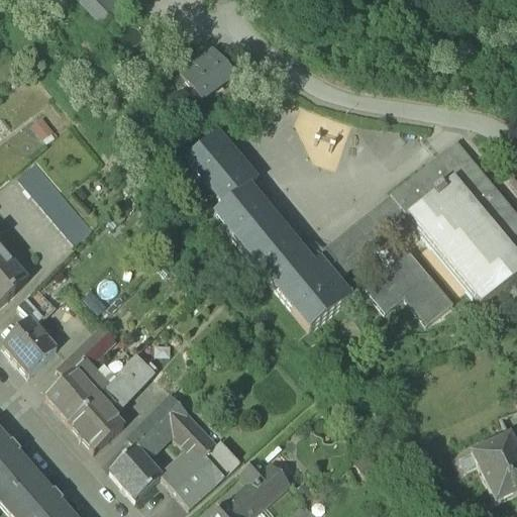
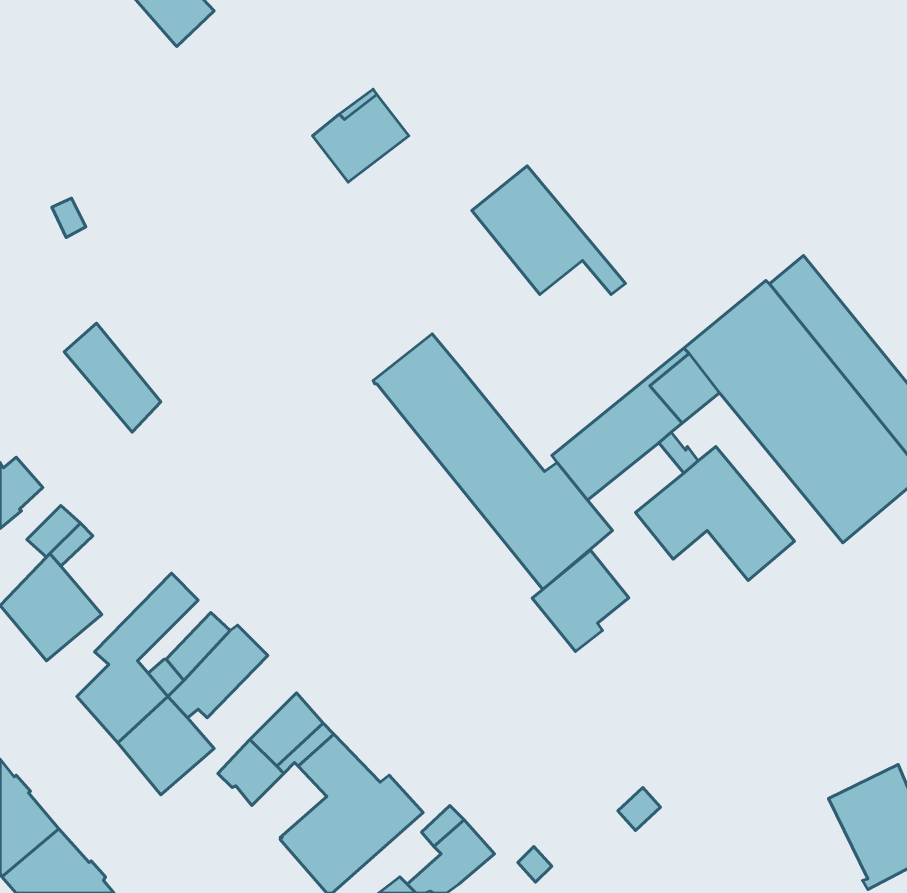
building: [185,135,272,208] -> [472,166,625,294]
building: [18,159,58,199] -> none
building: none -> [532,550,629,651]
building: [110,444,163,498] -> none

